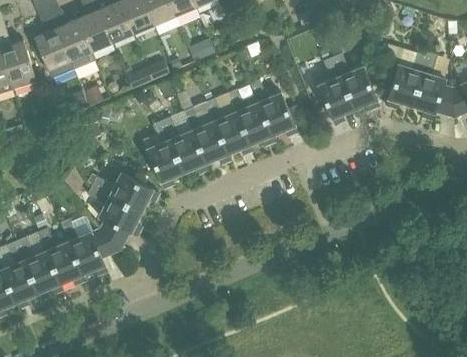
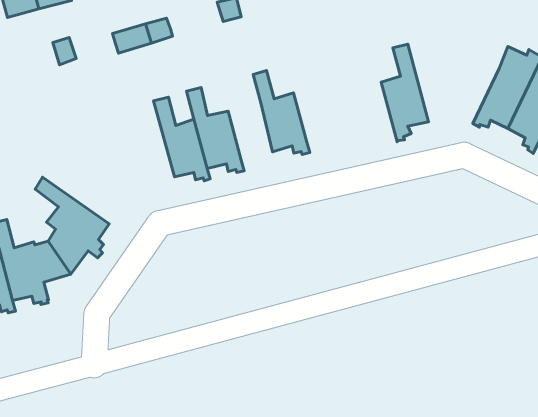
building: [333,54,379,109] -> none
building: [250,80,297,135] -> none
building: [206,98,252,154] -> none
building: [147,121,183,189] -> none
building: [91,173,159,211] -> none

